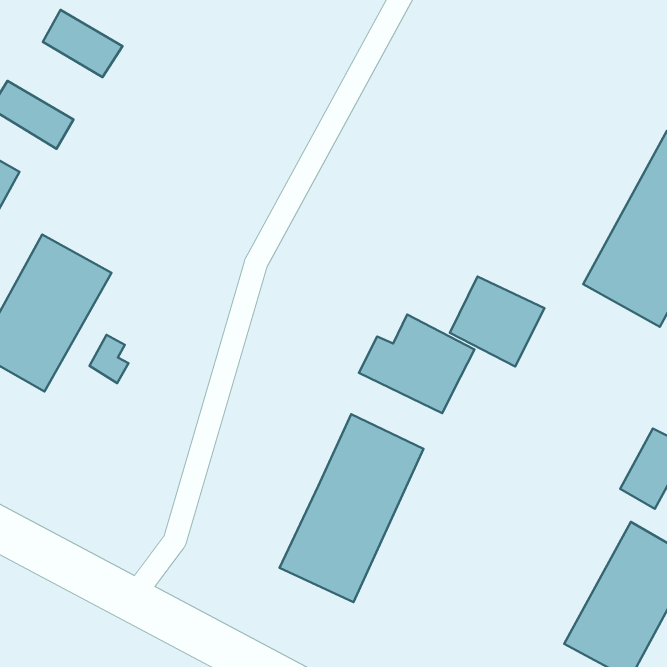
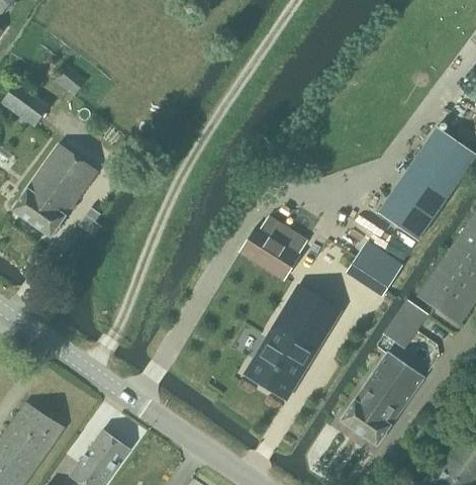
building: [43,10,122,77] -> none
building: [450,277,544,366] -> [346,240,403,296]
building: [280,414,423,602] -> [246,288,339,399]

